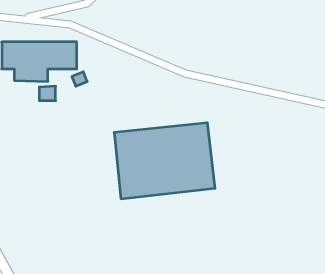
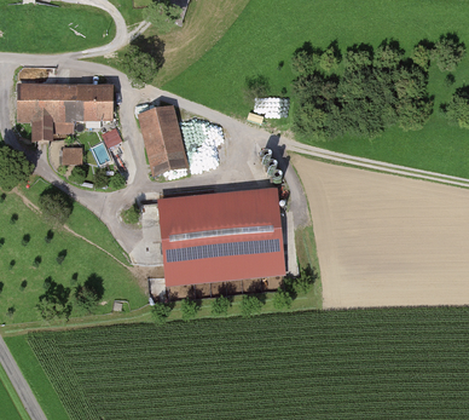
building: none -> [138,107,189,174]

